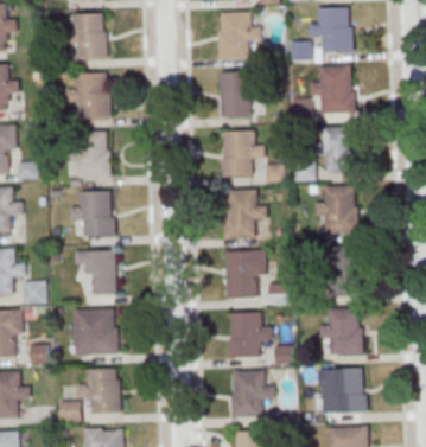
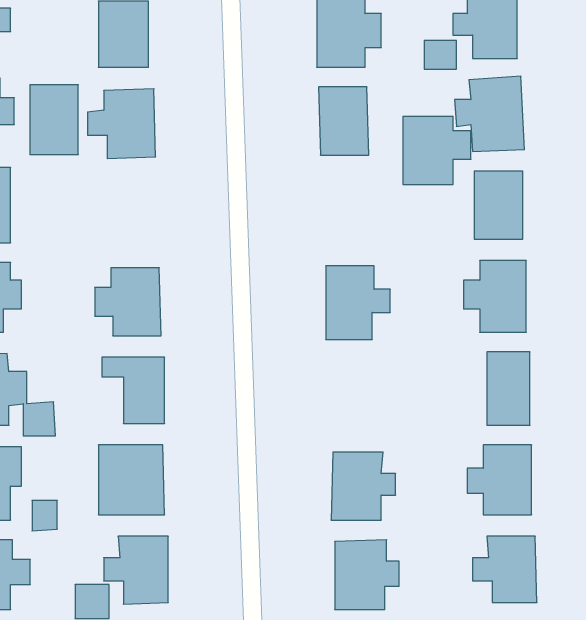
building: [78,132,110,178] -> [30,85,78,155]
building: [221,132,266,177] -> [403,116,471,184]
building: [227,250,266,298] -> none

